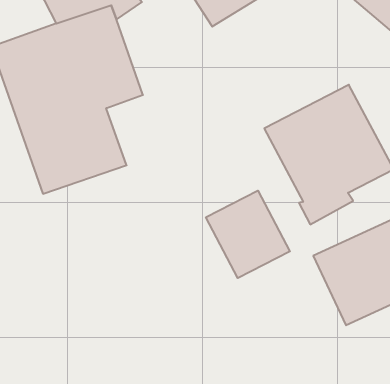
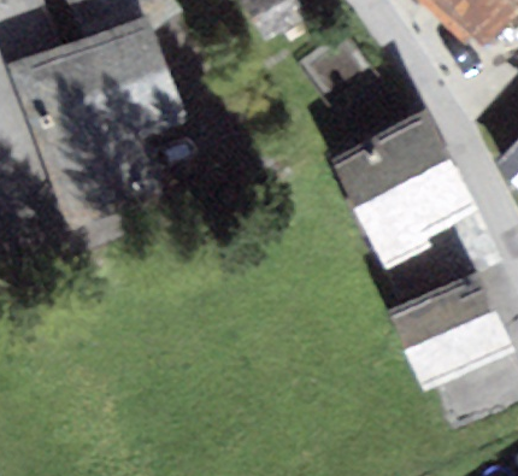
building: [206,191,290,278] -> none

